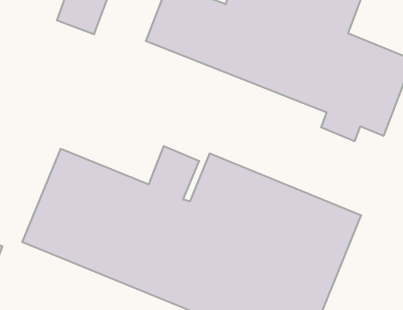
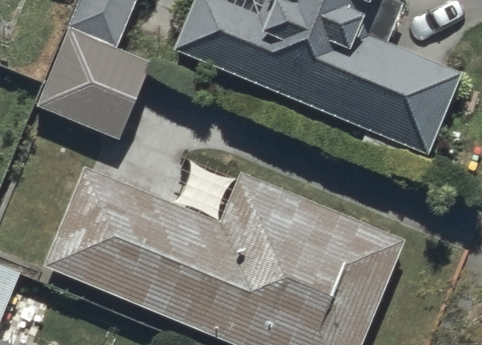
building: none -> [39,33,150,139]

